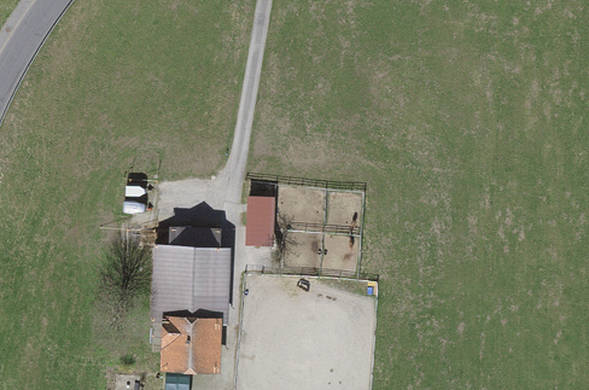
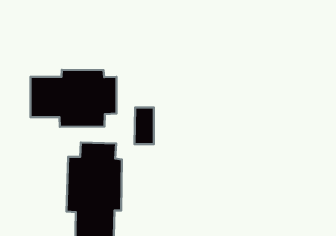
building: none -> [31,70,117,127]

